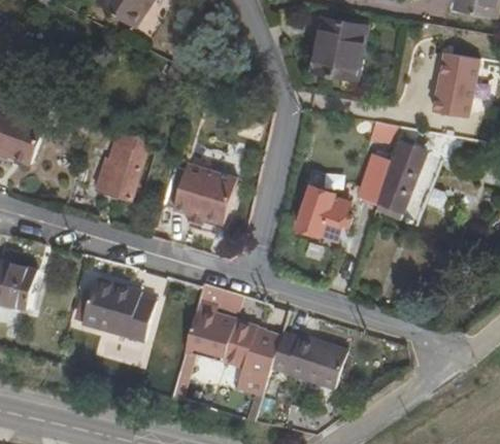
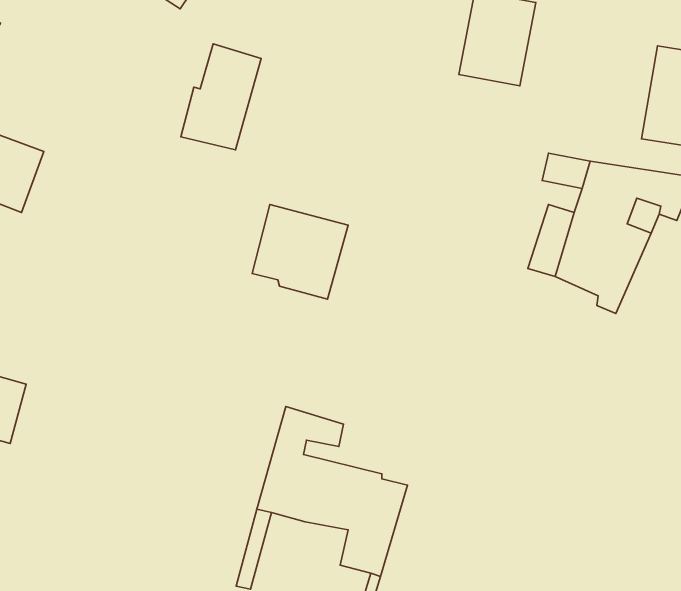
building: [93,131,144,199] -> [181,44,261,150]
building: [295,184,348,241] -> none
building: [80,280,153,341] -> none
building: [287,337,346,388] -> none

